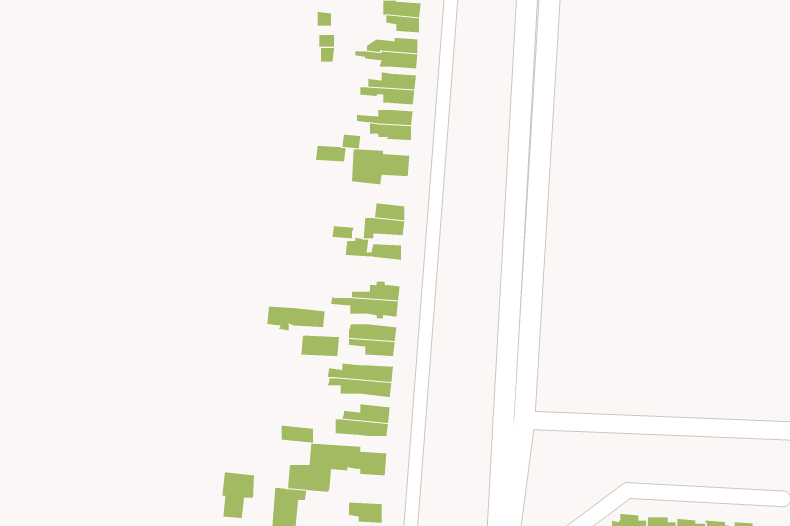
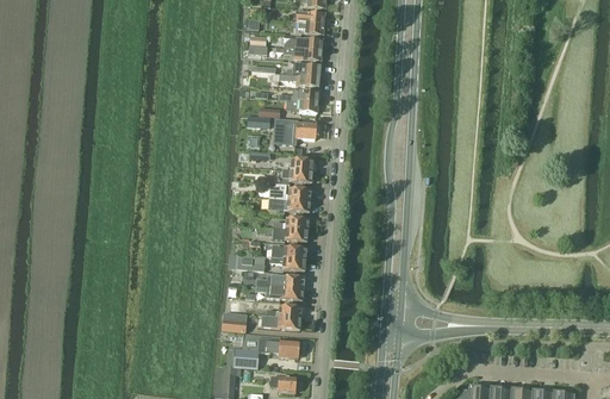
building: [267,306,325,331] -> [267,195,310,213]
building: [222,472,255,519] -> none

